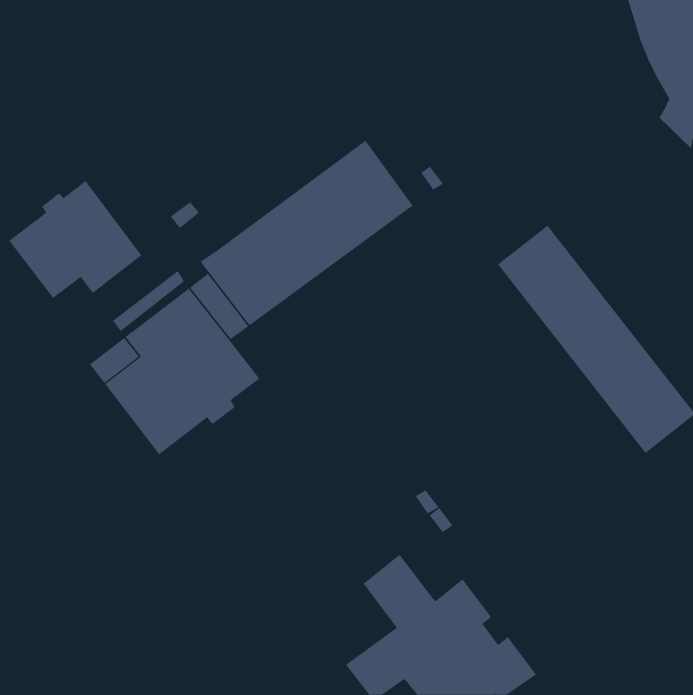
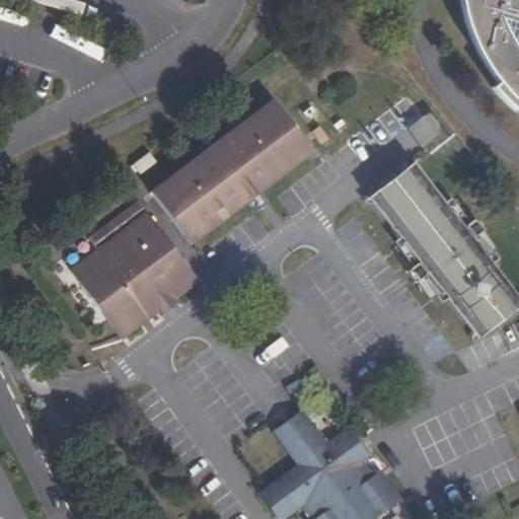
building: [8,180,142,299] -> none

